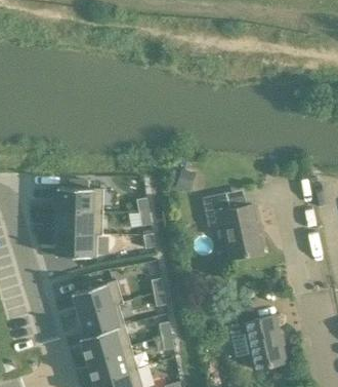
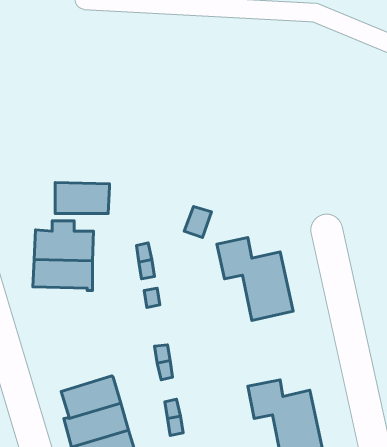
building: [55,233,98,258] -> [55,183,110,214]
building: [72,280,123,316] -> none

